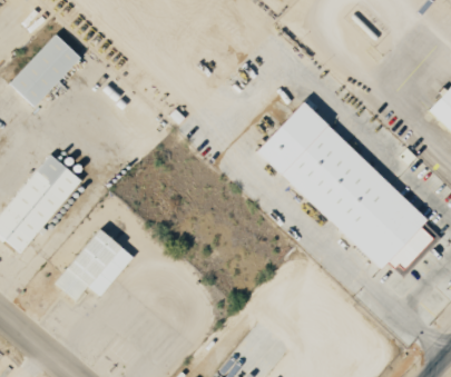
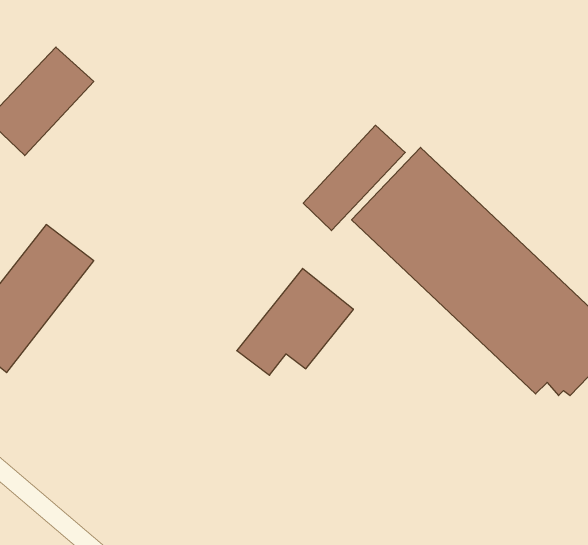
building: none -> [303,125,405,231]
building: [55,228,134,300] -> [237,268,353,375]

